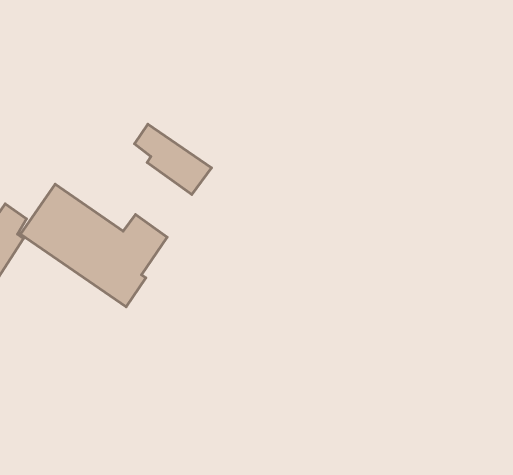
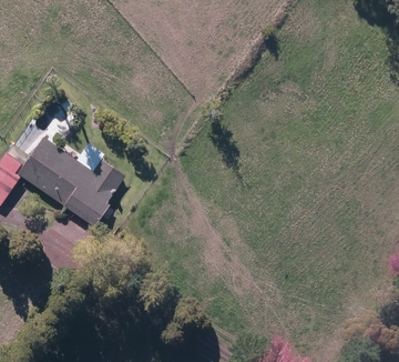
building: [135,124,212,194] -> none

